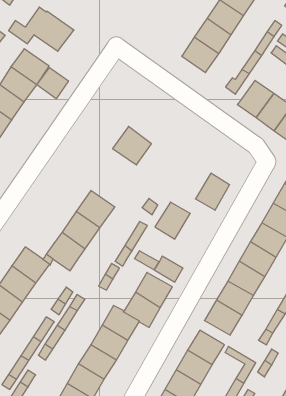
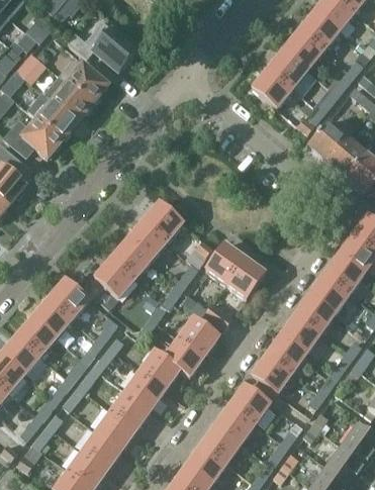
building: [37,68,68,99] -> none
building: [113,126,151,165] -> [140,201,183,243]
building: [195,173,230,210] -> [226,258,265,298]

